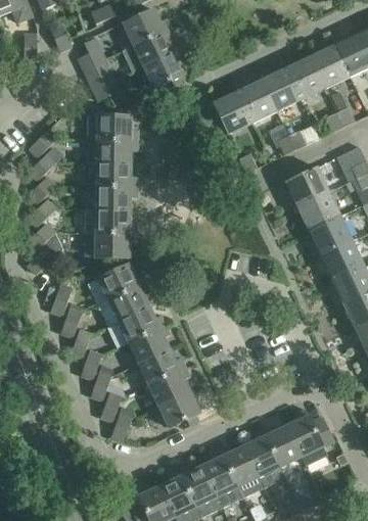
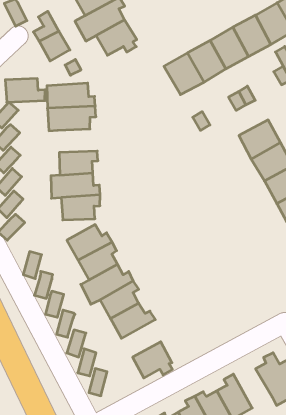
building: [96,162,137,187] -> [5,79,45,102]
building: [148,367,189,405] -> none
building: [263,425,302,466] -> none

